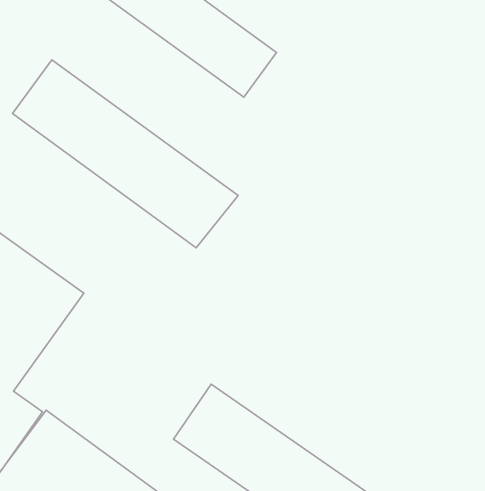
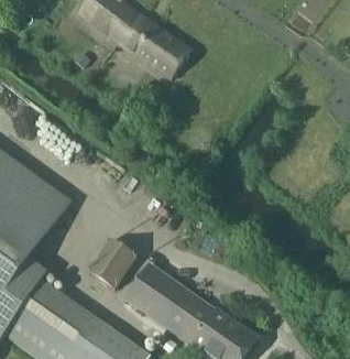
building: [13,60,238,248] -> none
building: none -> [88,239,135,289]

